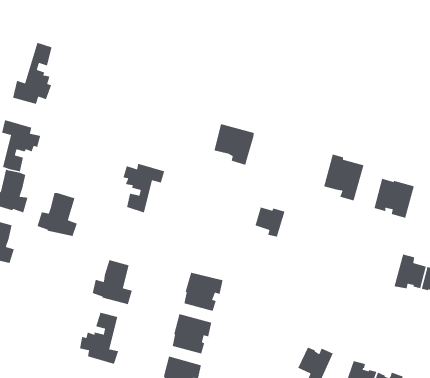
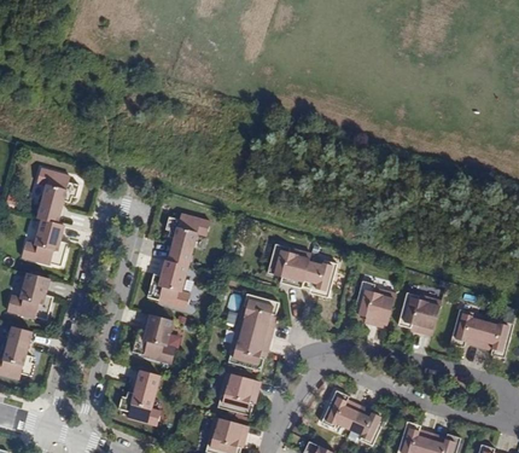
building: [12,42,52,105] -> none
building: [214,123,255,166] -> [267,244,310,289]
building: [323,153,364,202] -> [351,281,395,332]
building: [374,178,415,219] -> [397,292,441,336]
building: [37,192,78,237] -> [146,261,189,308]
building: none -> [235,295,278,337]
building: none -> [320,390,358,430]

